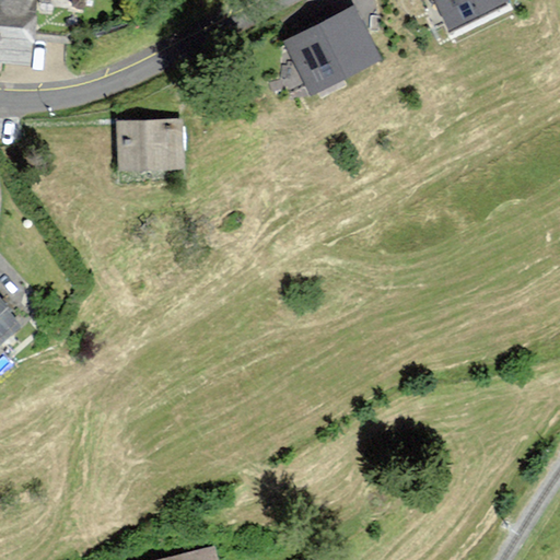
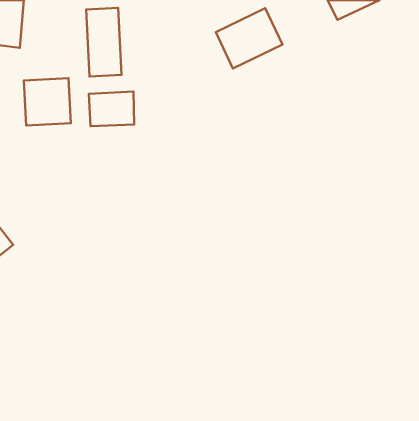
building: none -> [86,8,121,77]
building: none -> [24,78,71,125]

